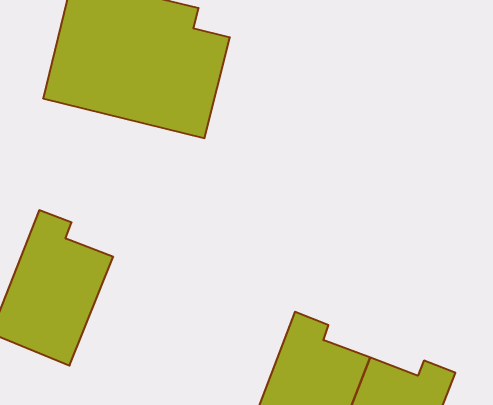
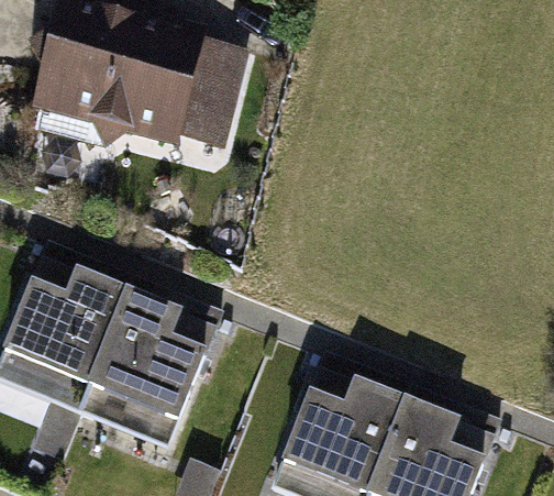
building: none -> [77,297,217,449]

